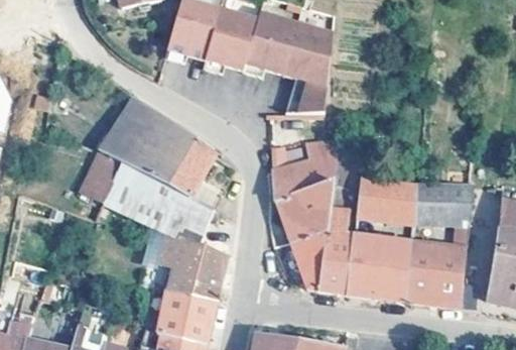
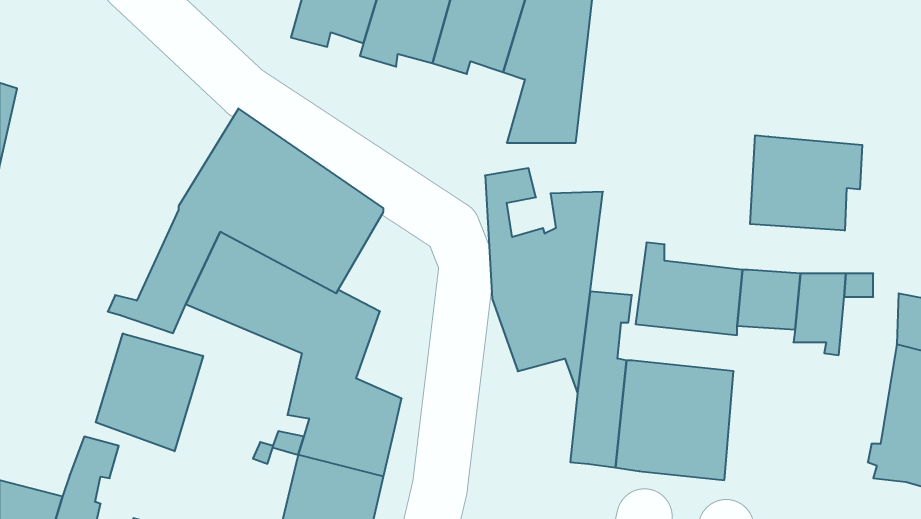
building: none -> [750,135,862,231]
building: none -> [96,333,203,451]
building: [289,233,322,290] -> none
building: [404,239,466,307] -> none

